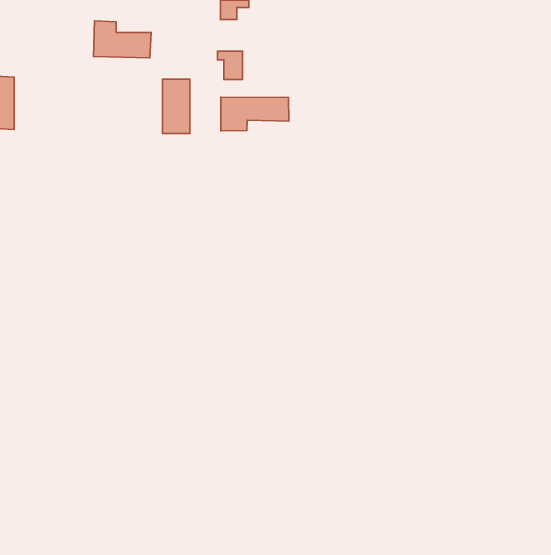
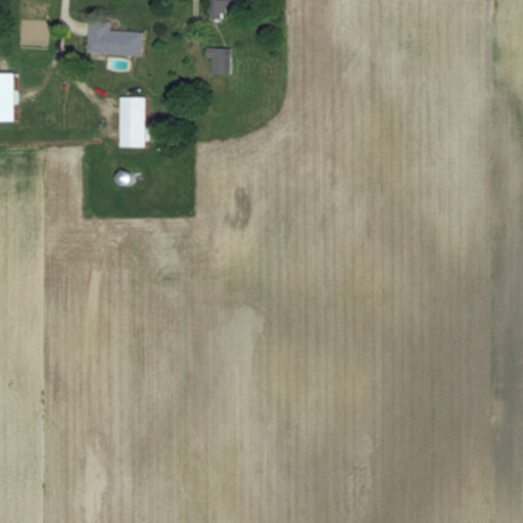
building: [163,79,190,134] -> [118,97,144,148]
building: [221,97,289,131] -> none

